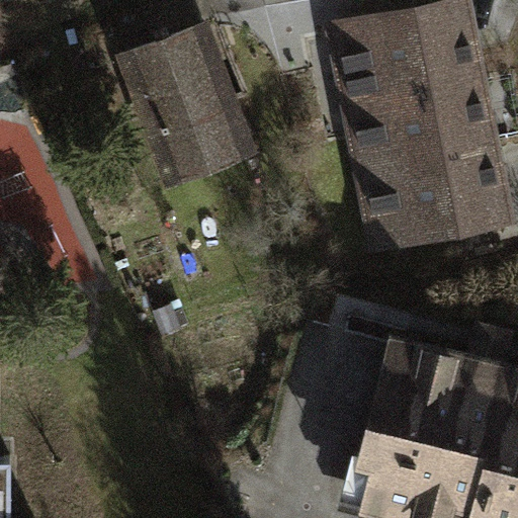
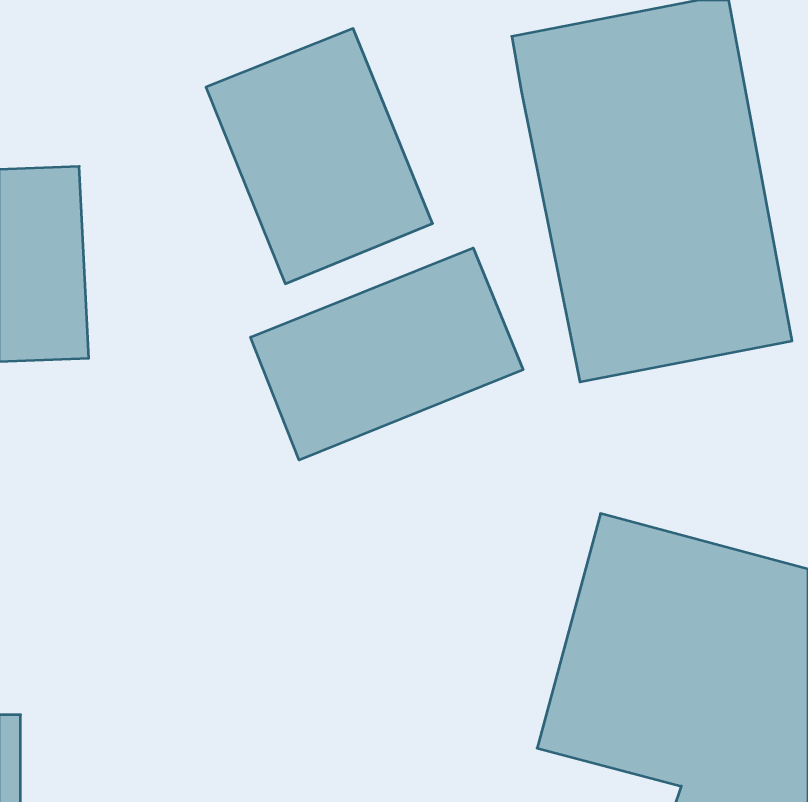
building: none -> [251,248,523,460]

